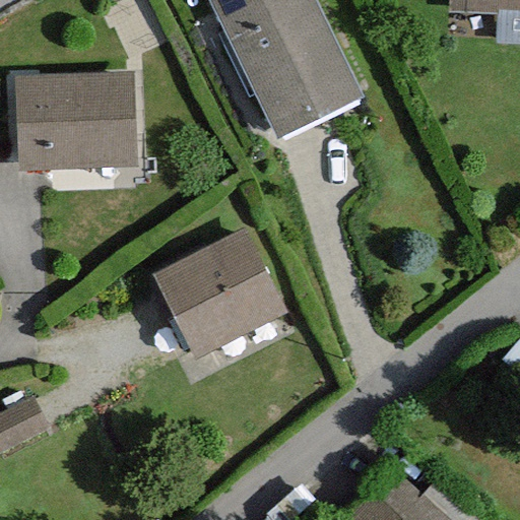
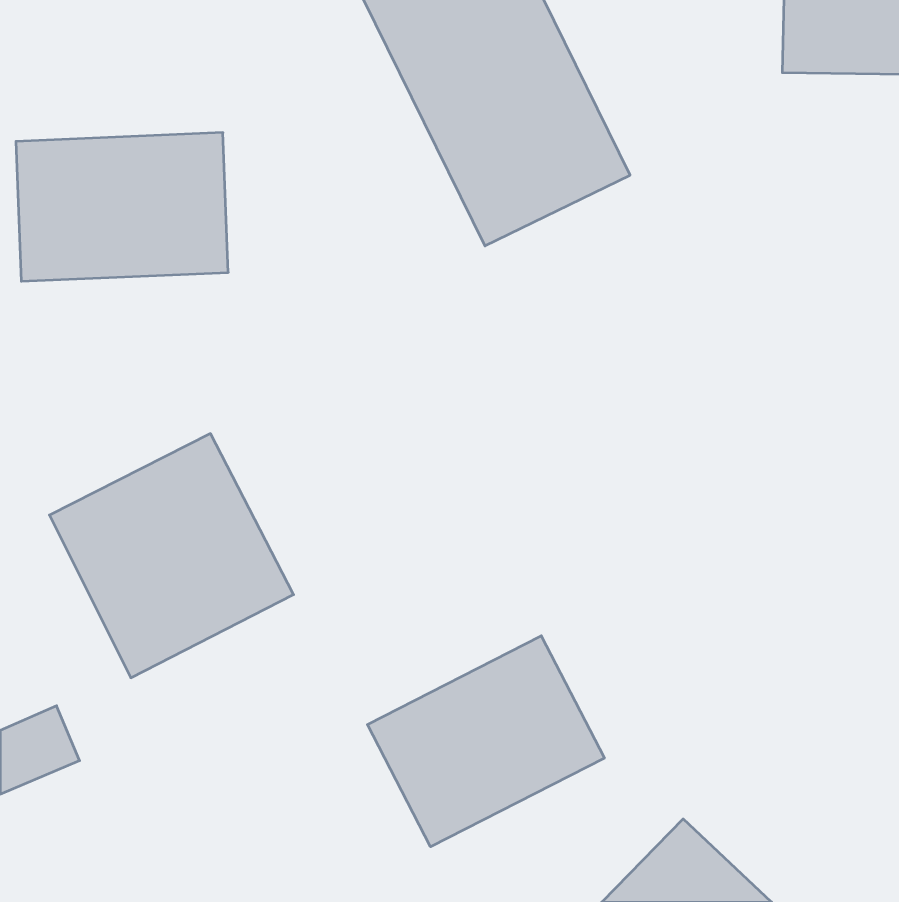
building: [147,221,287,362] -> [49,434,294,678]
building: none -> [367,636,604,847]

